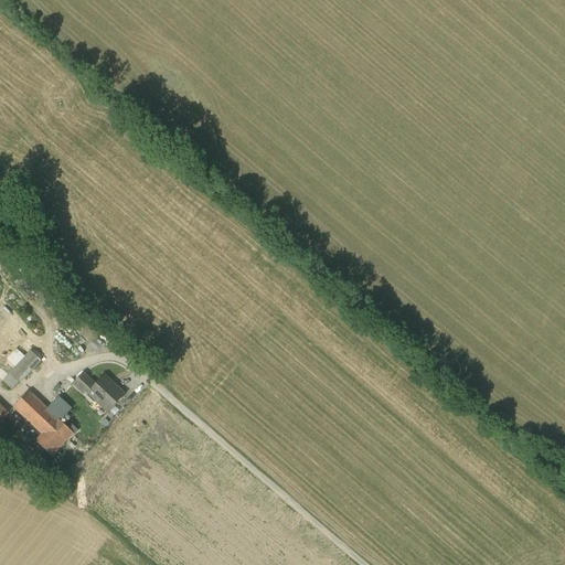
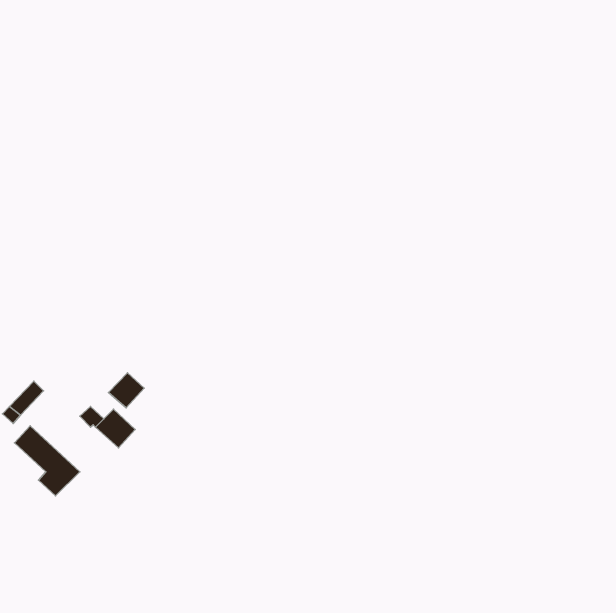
building: none -> [108,373,144,408]

